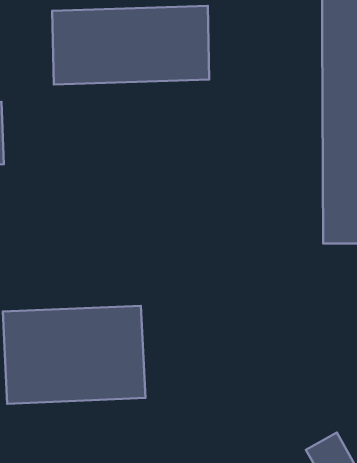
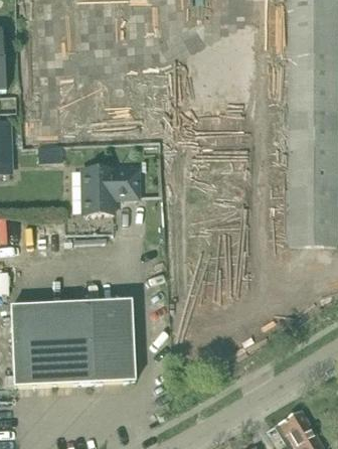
building: [52,6,209,85] -> none
building: none -> [79,166,136,212]

